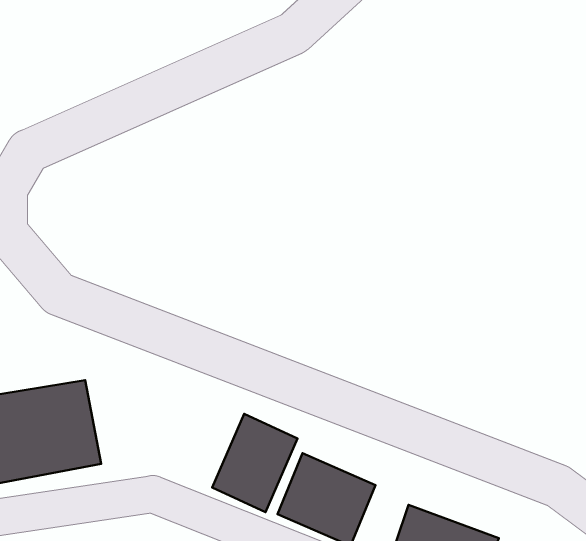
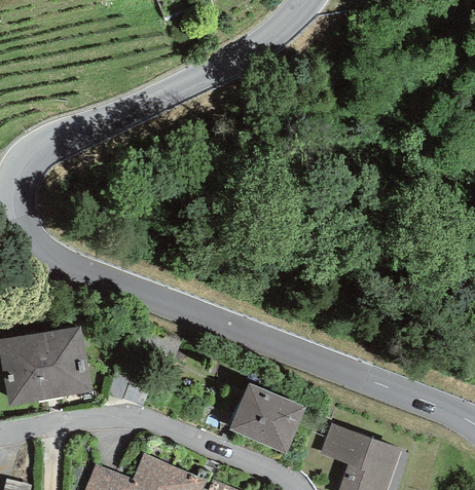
building: [212,414,298,512] -> none

